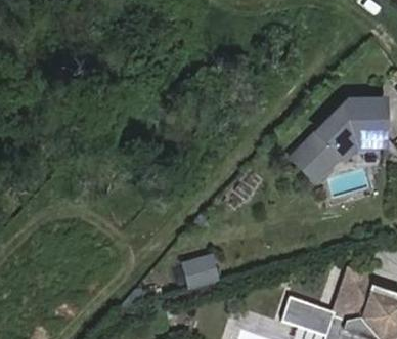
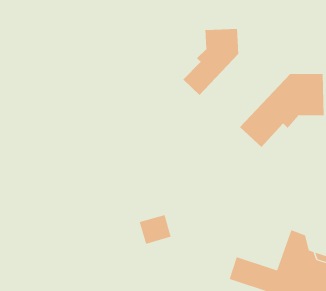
building: none -> [183,28,239,96]

